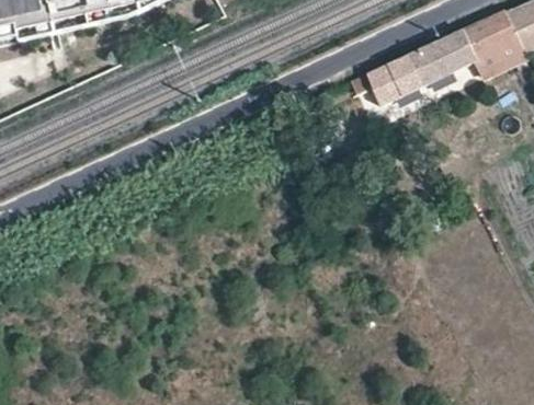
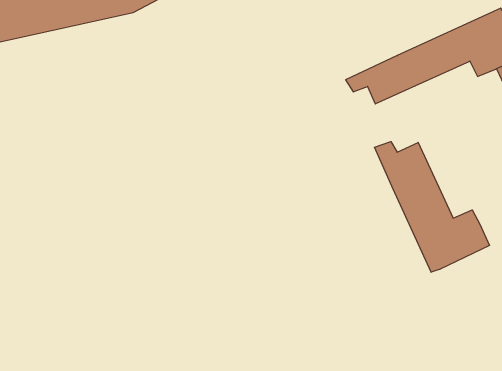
building: none -> [375,142,490,272]

